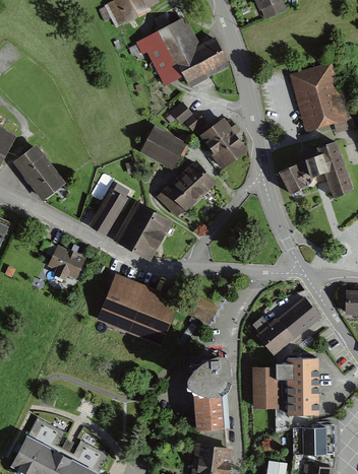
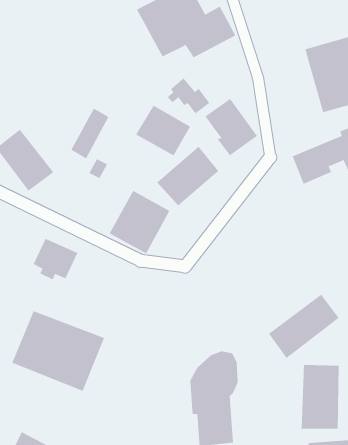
building: [93,188,127,233] -> [71,108,109,159]
building: [97,273,180,345] -> [12,311,105,391]
building: [252,365,279,408] -> none

